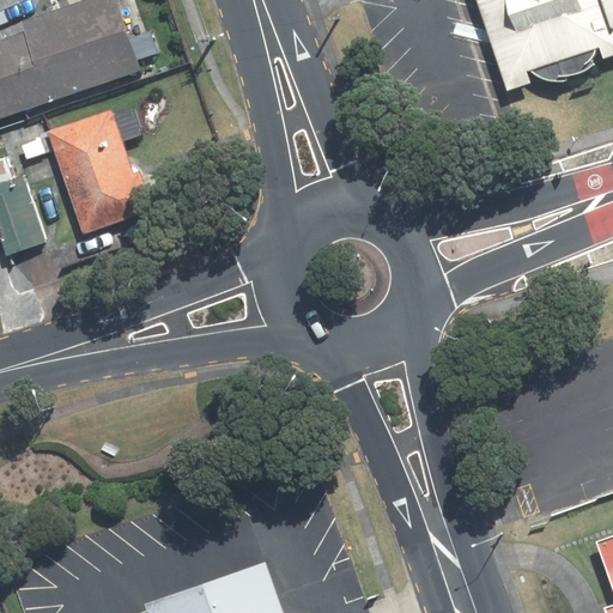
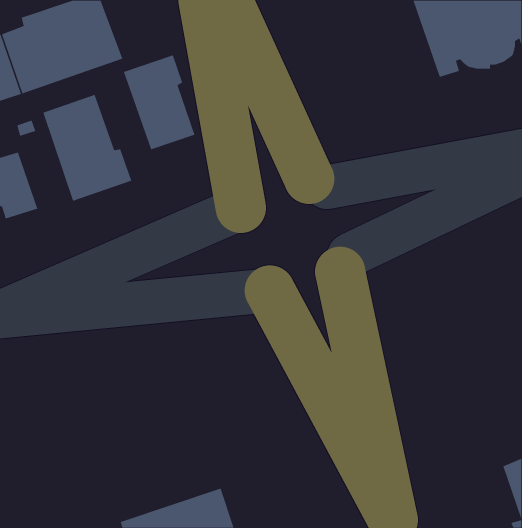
building: none -> [123,54,195,150]

